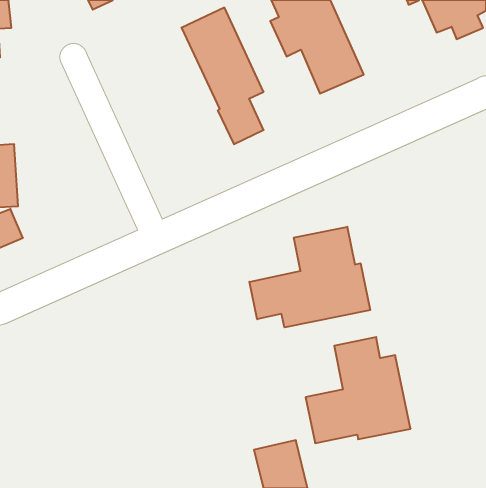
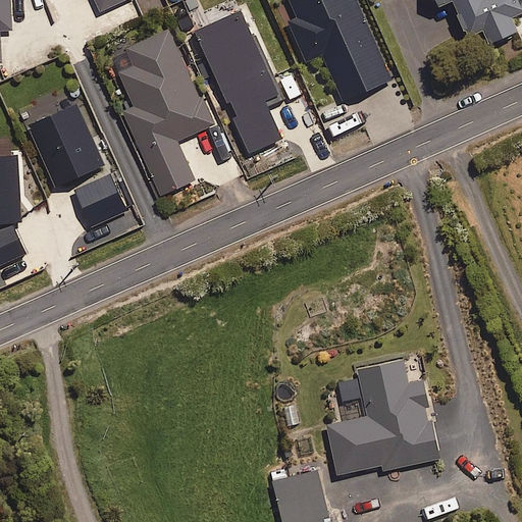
building: none -> [109,29,211,194]
building: none -> [28,103,124,226]
building: [249,227,370,327] -> none

